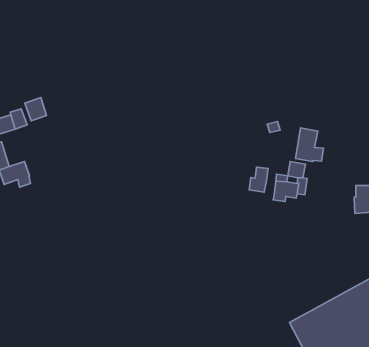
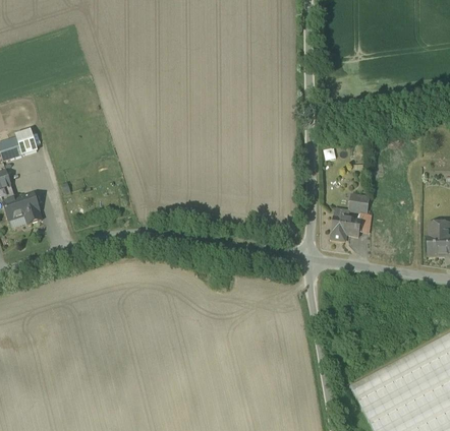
building: [25,97,47,121] -> none
building: [295,128,323,162] -> none
building: [249,167,268,192] -> none

